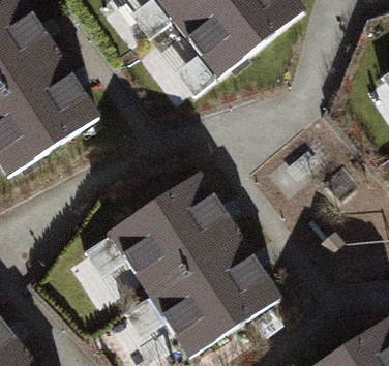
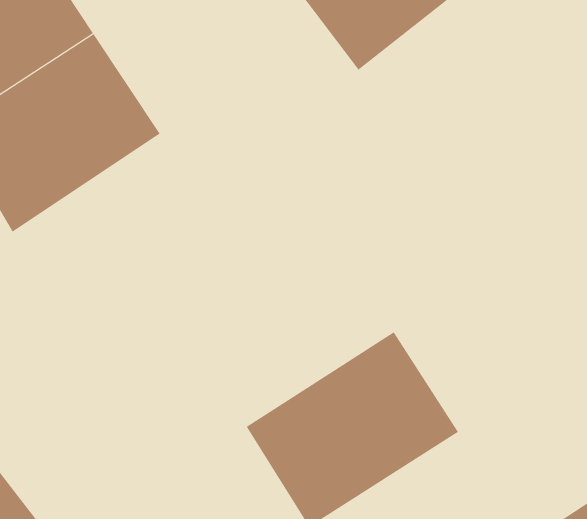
building: [110,174,240,294] -> none

